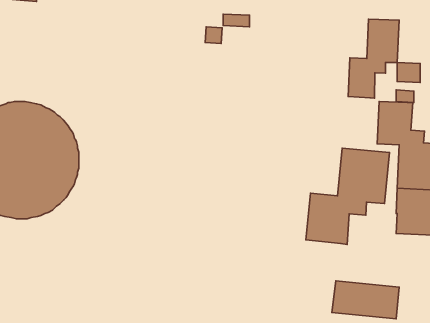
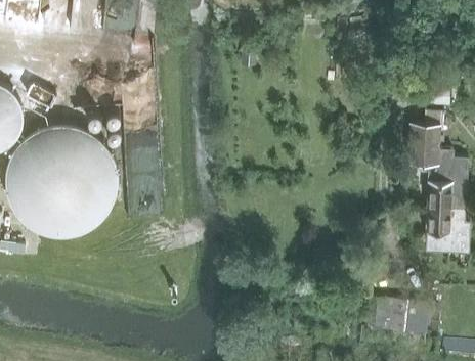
building: [348,19,399,98] -> none
building: [306,148,390,244] -> none

